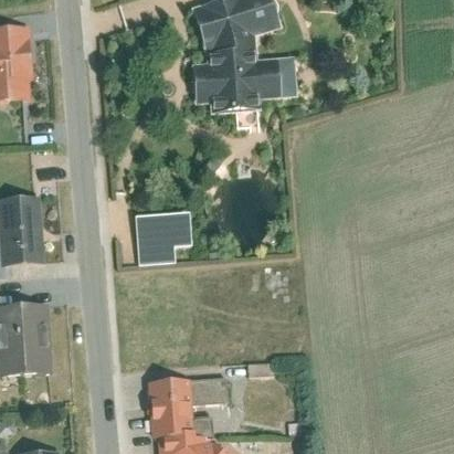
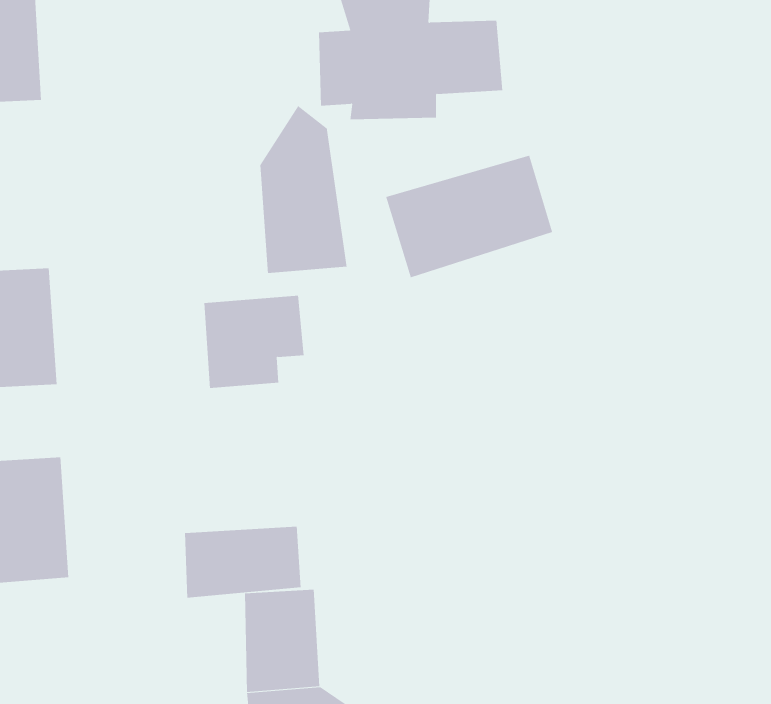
building: none -> [260,105,347,274]
building: none -> [386,155,553,278]
building: none -> [184,526,301,598]

